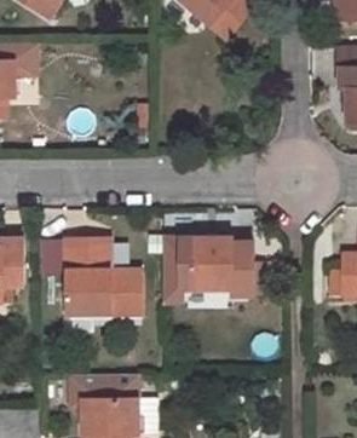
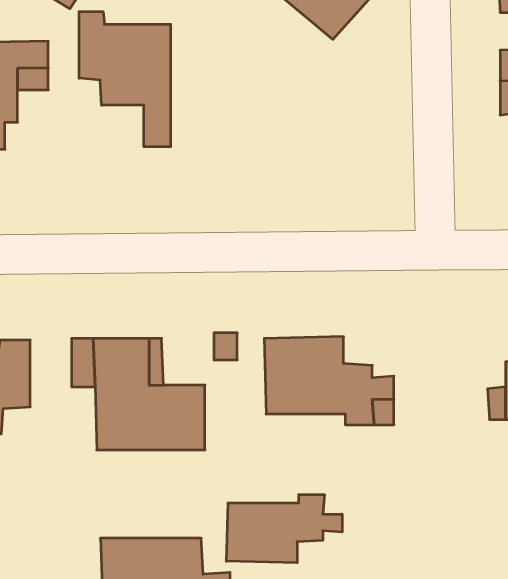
building: none -> [79,12,171,147]
building: none -> [226,495,342,563]

